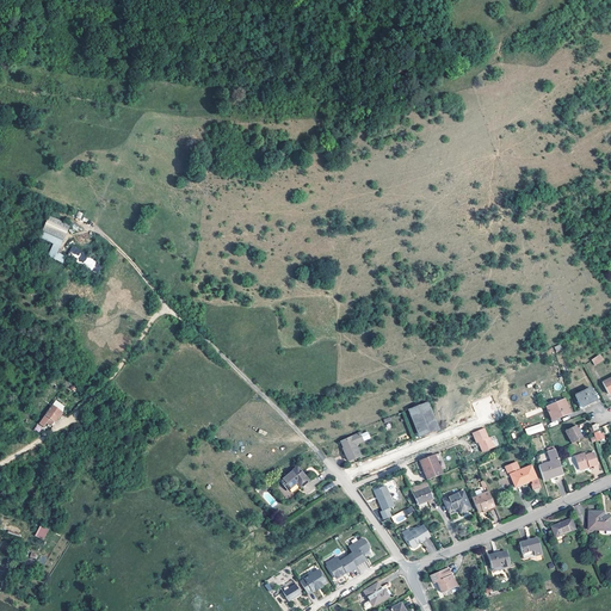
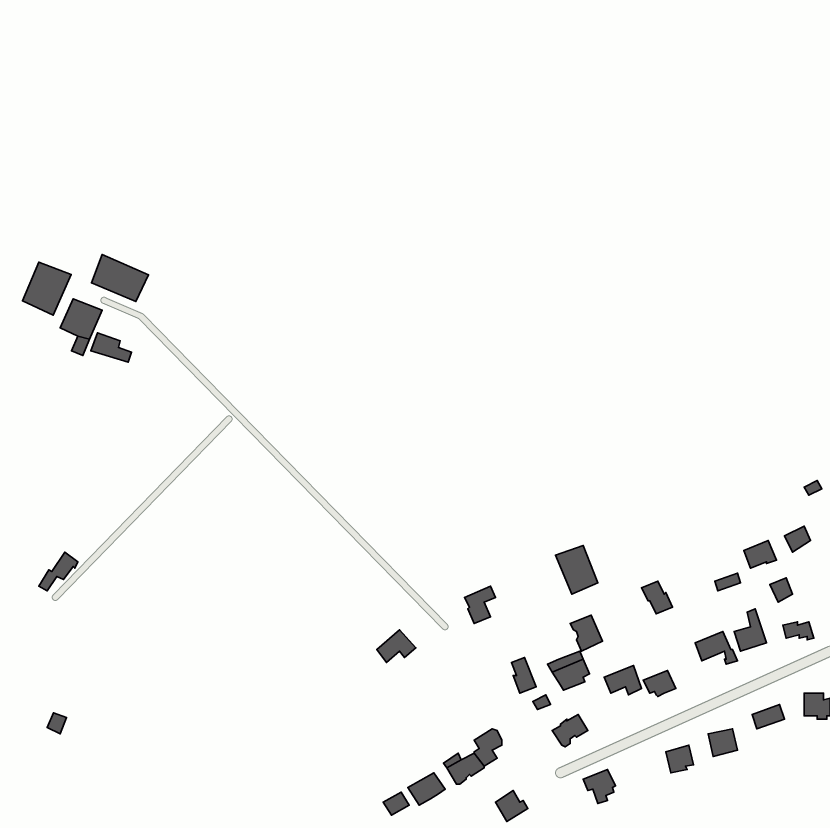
building: none -> [92,254,148,302]
building: none -> [23,262,71,315]

